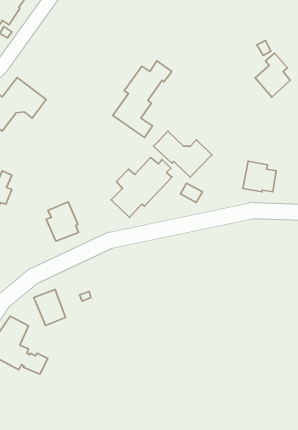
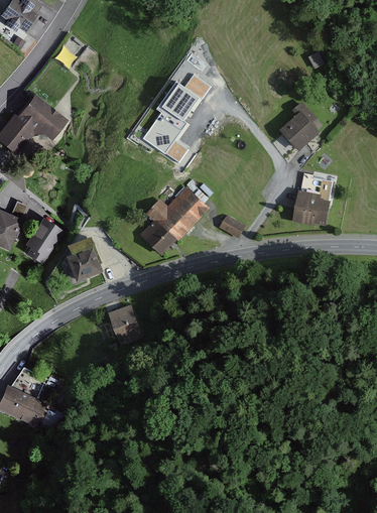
building: [255,53,290,97] -> [280,101,321,151]
building: [154,131,212,177] -> none
building: none -> [23,218,62,264]
building: [34,289,66,326] -> [108,303,144,345]

